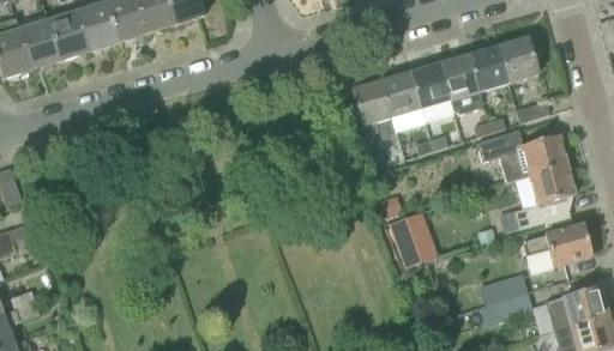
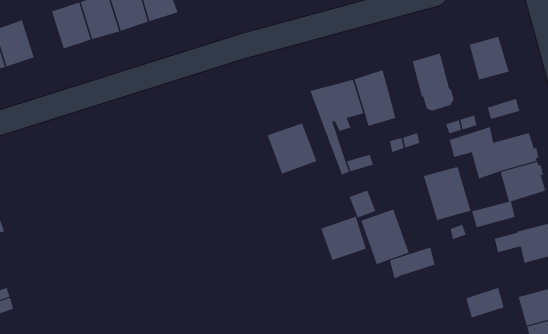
building: [47,13,88,60] -> none
building: [468,47,506,91] -> none
building: [410,63,449,108] -> none
building: none -> [267,122,317,174]
building: none -> [423,166,471,221]
building: none -> [321,216,366,261]
building: [480,273,526,305] -> [389,247,436,279]

